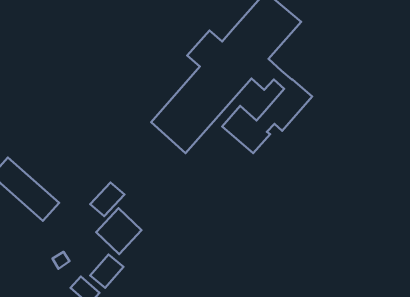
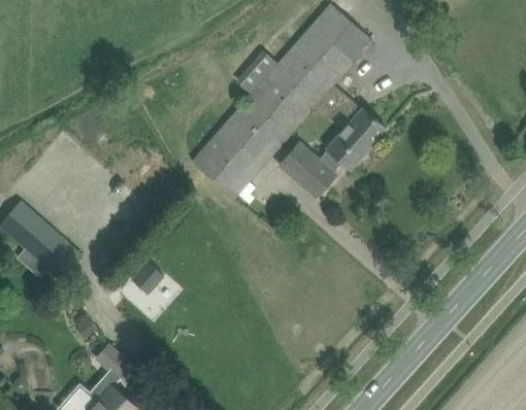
building: [90,182,124,216] -> none
building: [90,254,124,288] -> none

